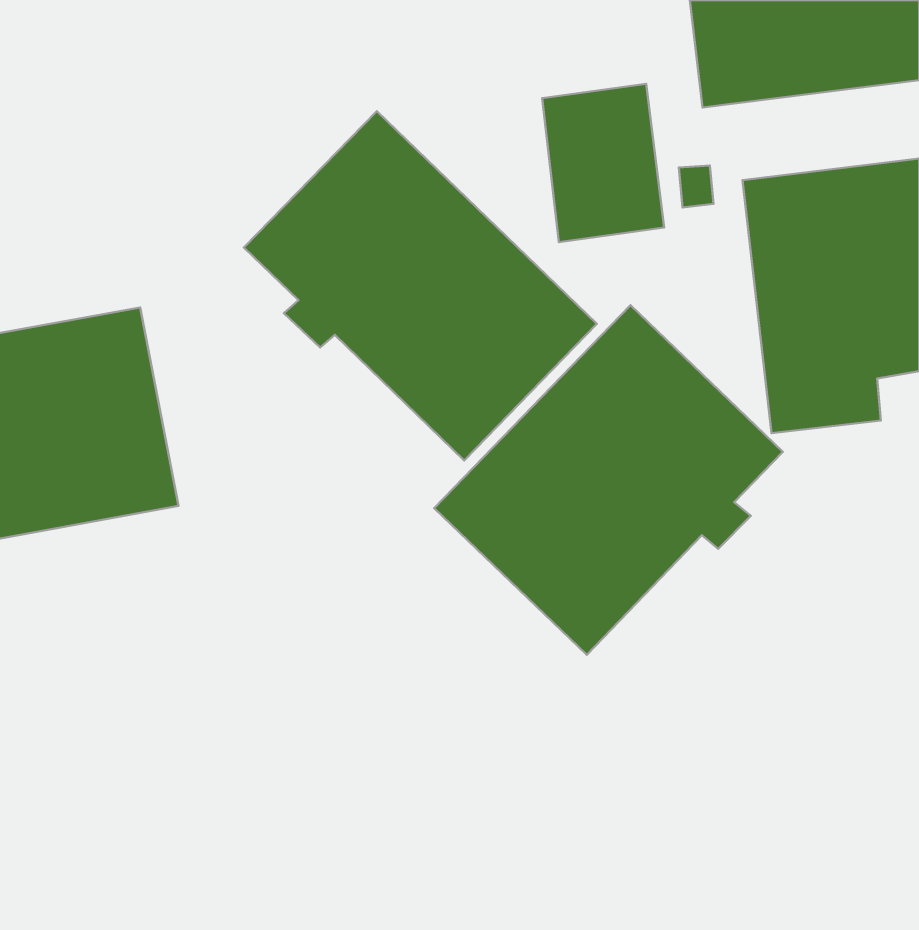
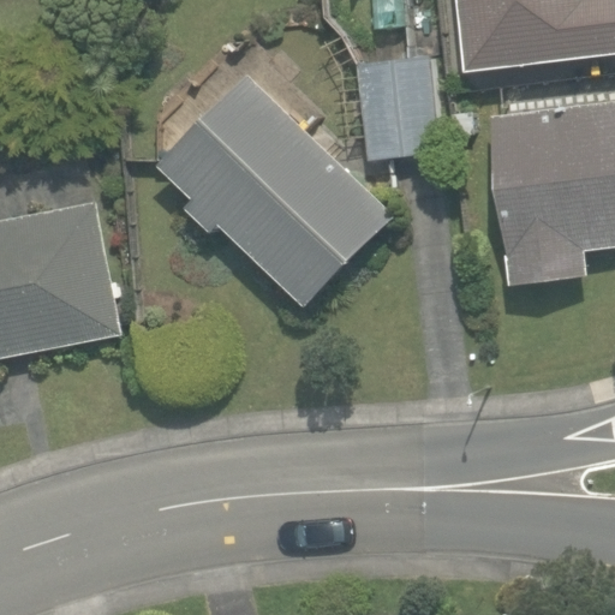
building: [434,305,783,655] -> none

